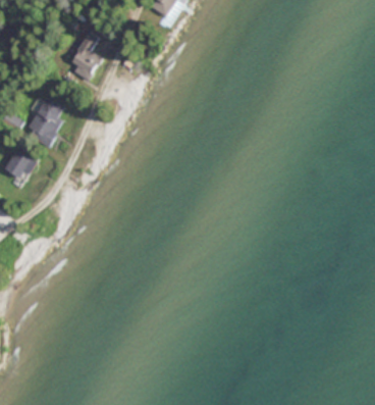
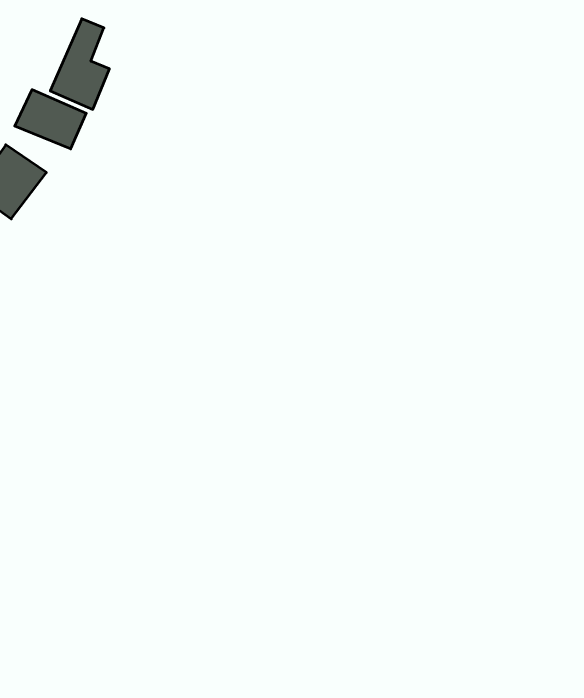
building: none -> [15,90,86,149]

